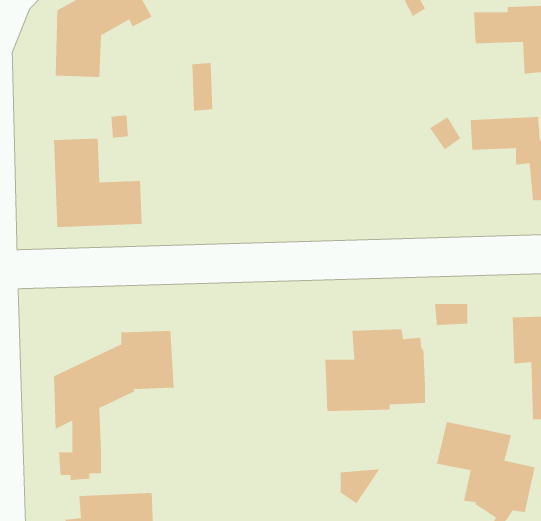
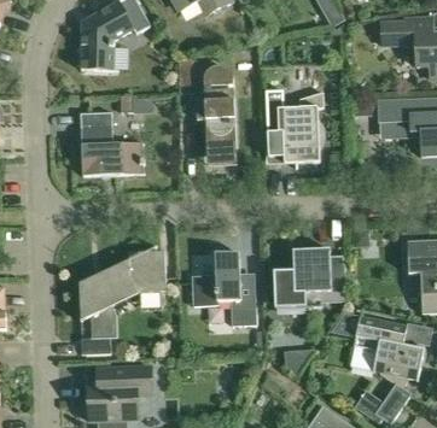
building: none -> [196,65,235,168]
building: none -> [264,90,322,168]
building: none -> [191,252,256,326]

